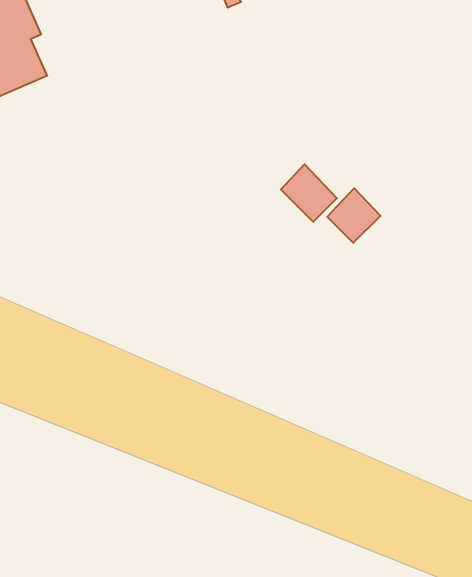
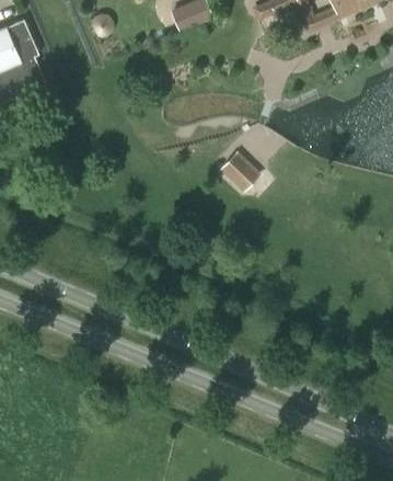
building: [327,188,380,243] -> none

